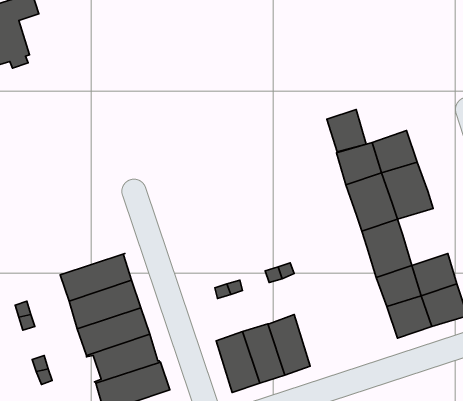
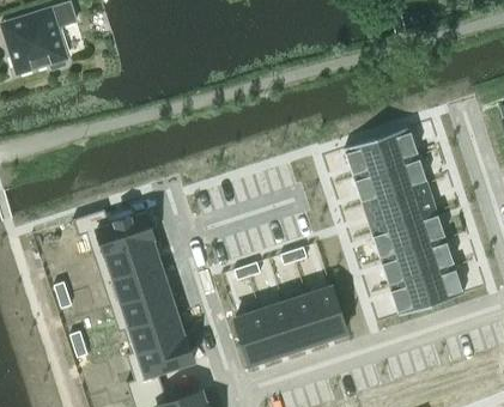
building: [327,110,366,152] -> none
building: none -> [401,199,447,250]
building: none -> [74,209,154,259]
building: none -> [308,287,347,341]

